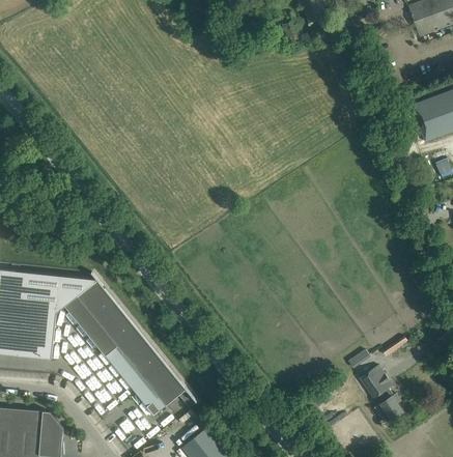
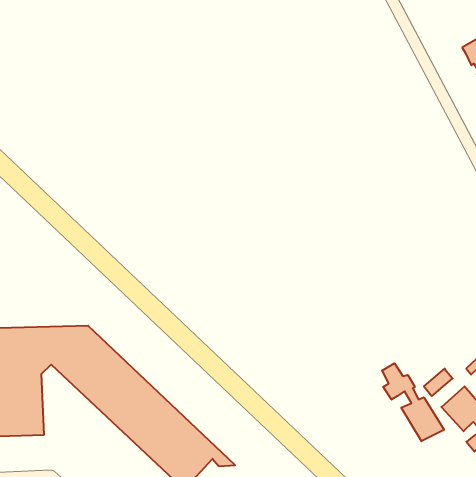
building: none -> [382,363,444,441]

